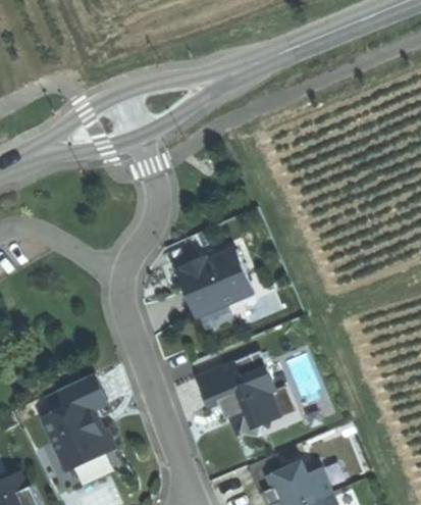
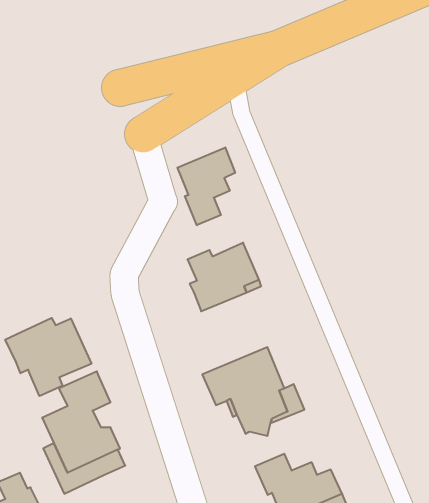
building: none -> [177,147,235,225]
building: none -> [5,318,91,396]

